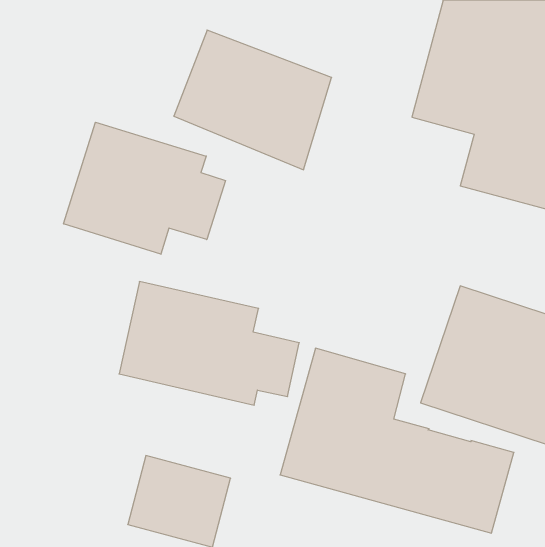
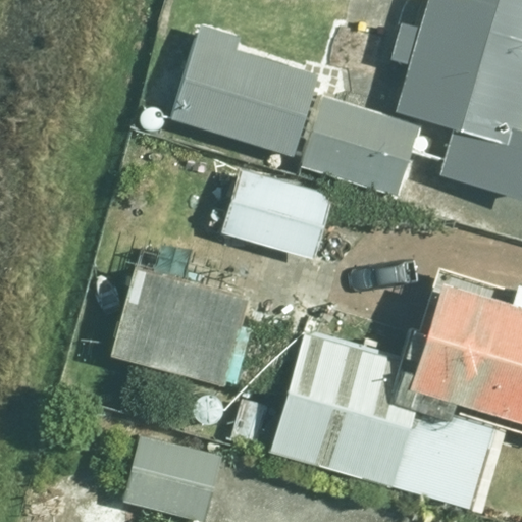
building: none -> [302,98,416,195]
building: [64,122,225,254] -> none
building: none -> [220,168,331,259]

